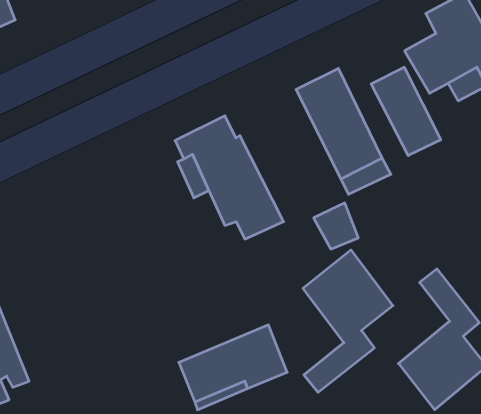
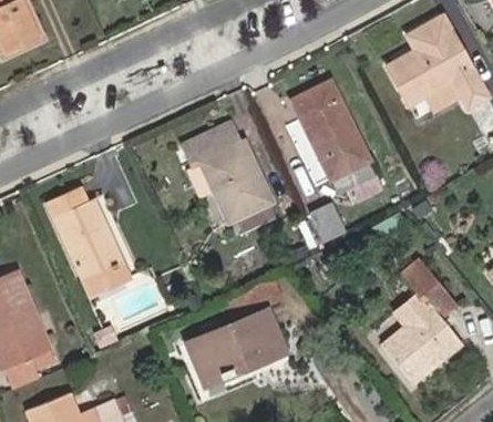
building: [371,67,441,156] -> none
building: none -> [50,189,130,297]
building: [303,250,393,392] -> none

